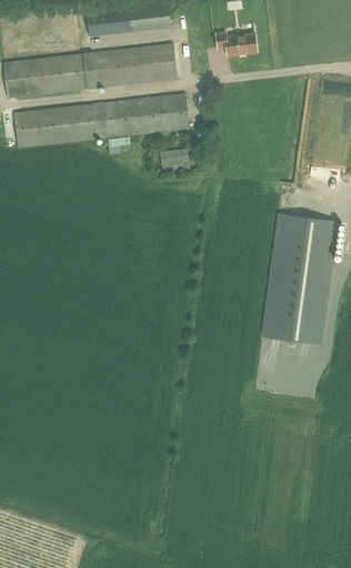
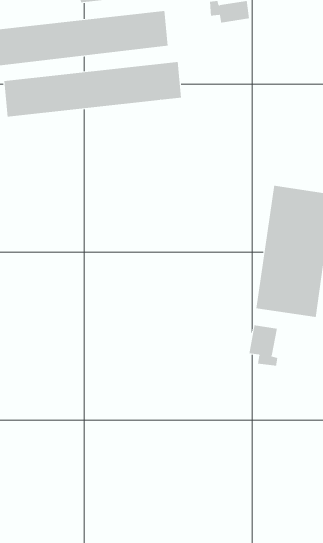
building: [161,150,194,171] -> none
building: none -> [249,325,278,366]

